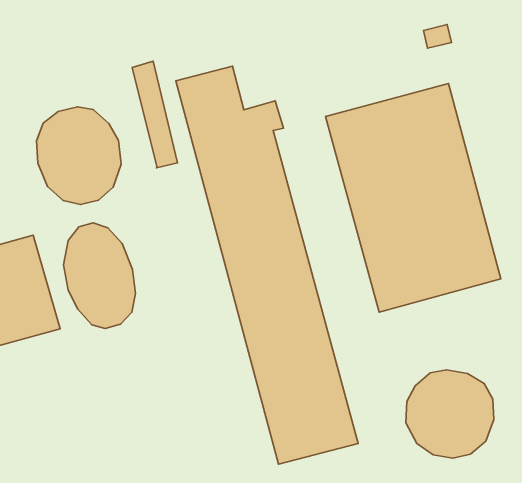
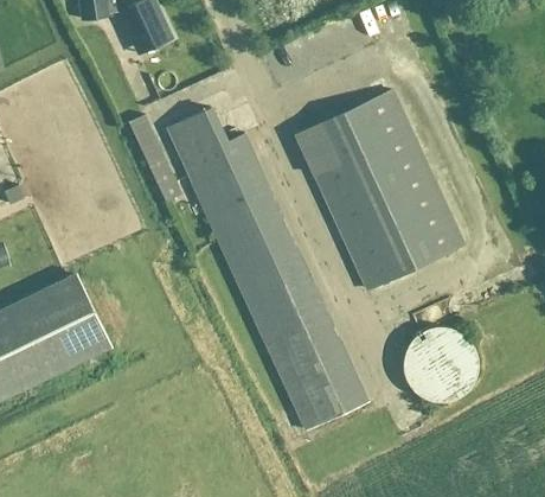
building: [37,107,121,205] -> none
building: [64,223,136,328] -> none

